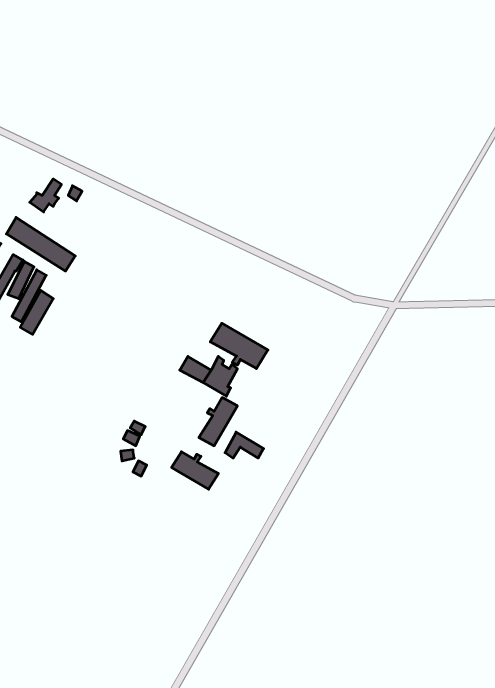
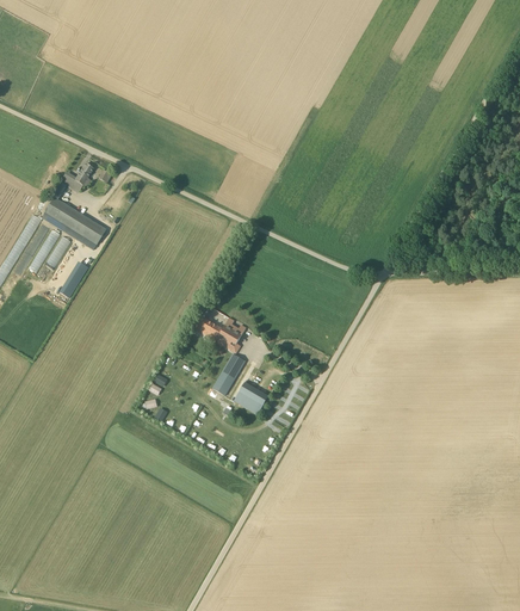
building: [210,323,268,369] -> none
building: [172,452,218,489] -> none

